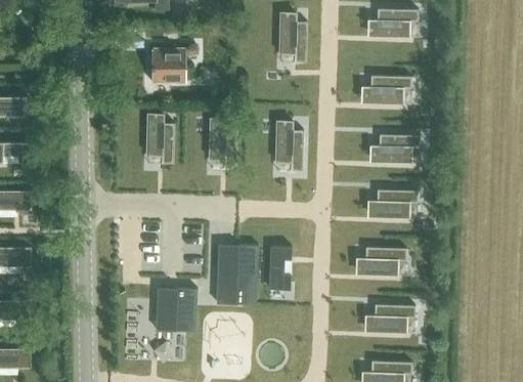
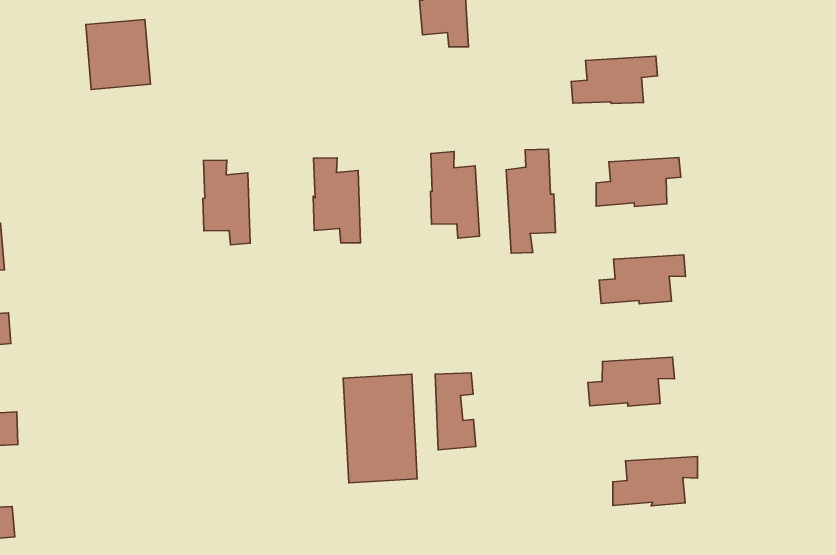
building: [150,47,184,84] -> [86,20,151,89]
building: none -> [506,149,555,253]
building: [155,287,195,331] -> none

